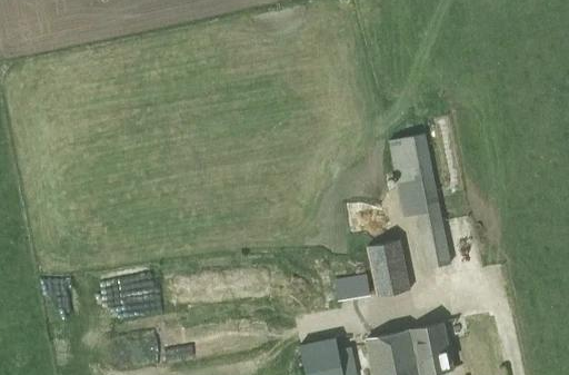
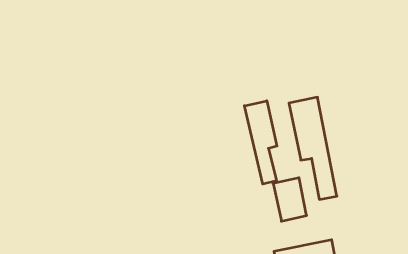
building: none -> [244,101,277,184]
building: [333,275,370,302] -> none

